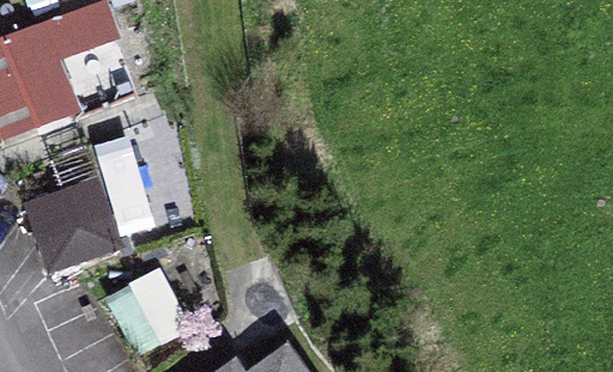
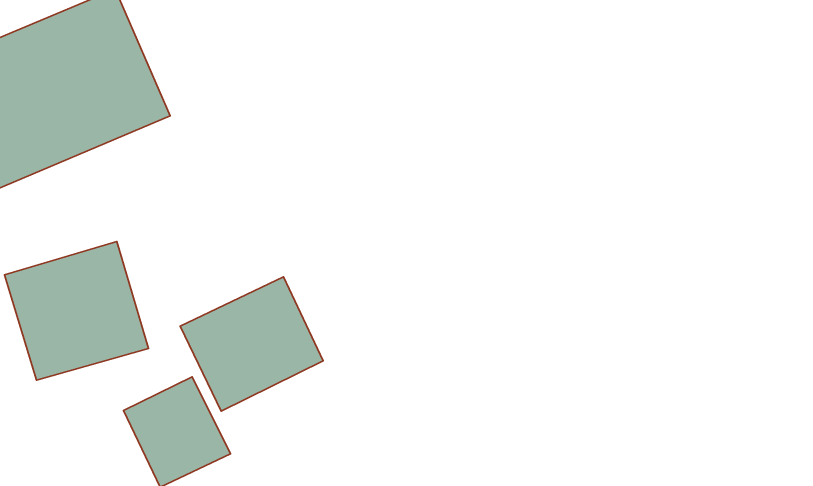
building: none -> [180,277,323,411]

